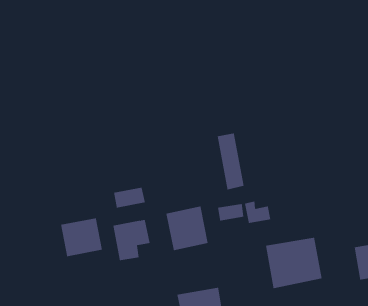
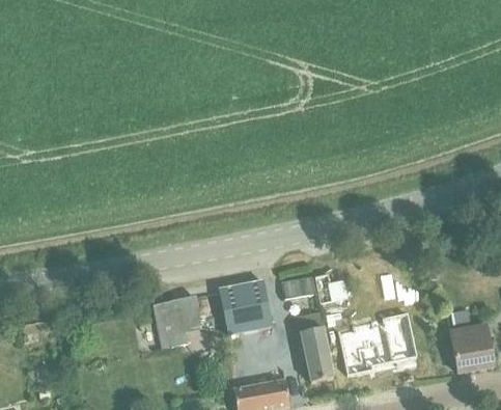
building: [217,133,245,190] -> [298,311,332,382]
building: [114,187,145,208] -> none
building: [60,217,103,257] -> none

